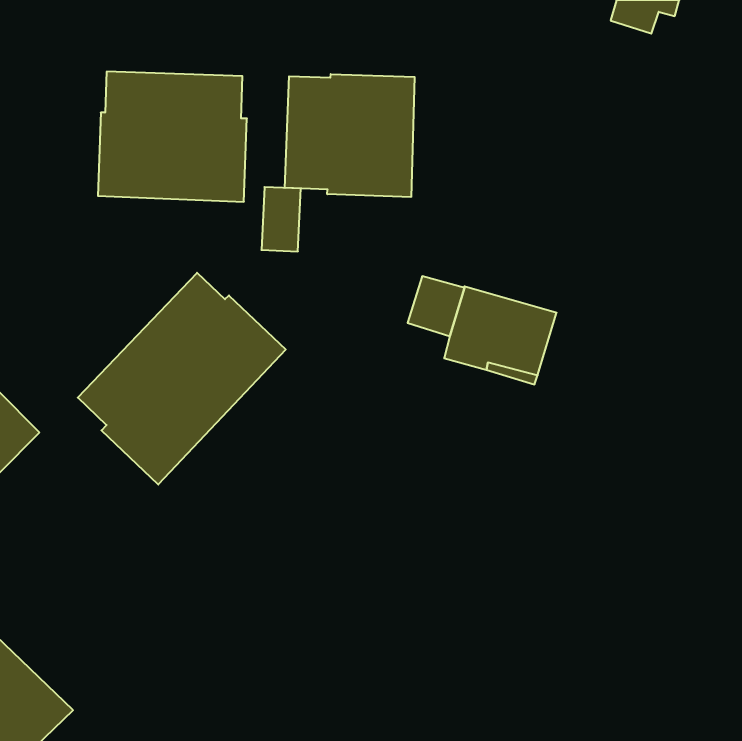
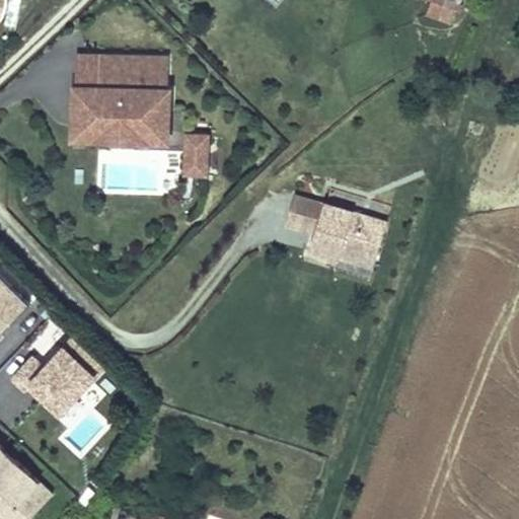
building: [285,74,415,197] -> none
building: [78,273,286,485] -> none
building: none -> [9,344,97,419]

